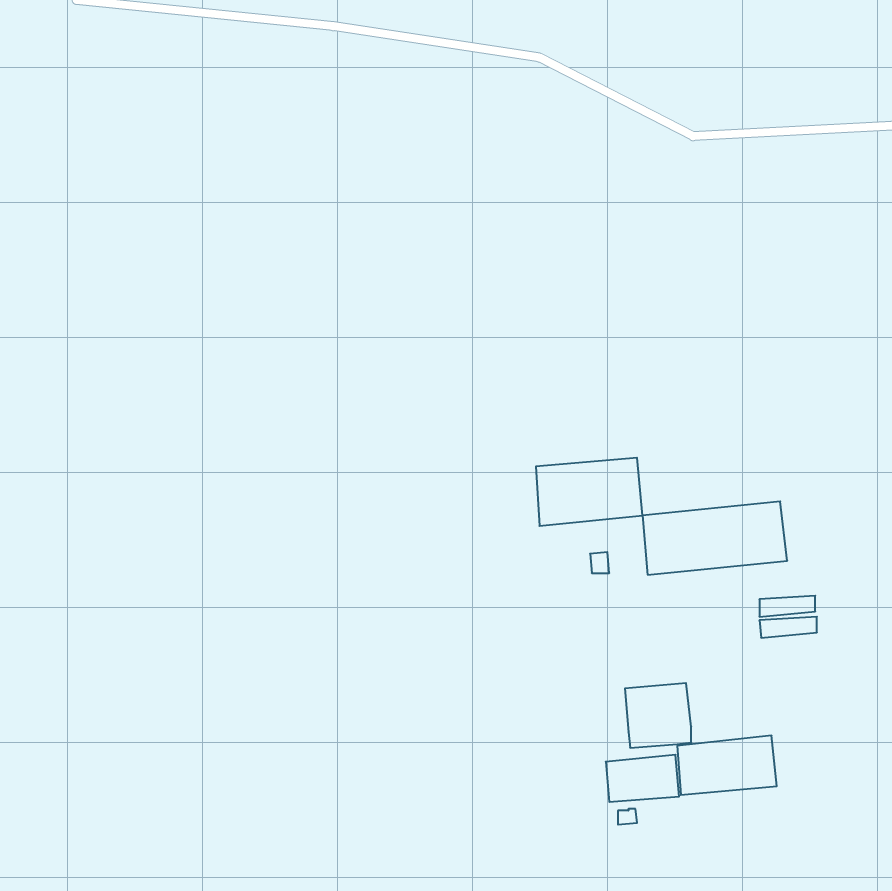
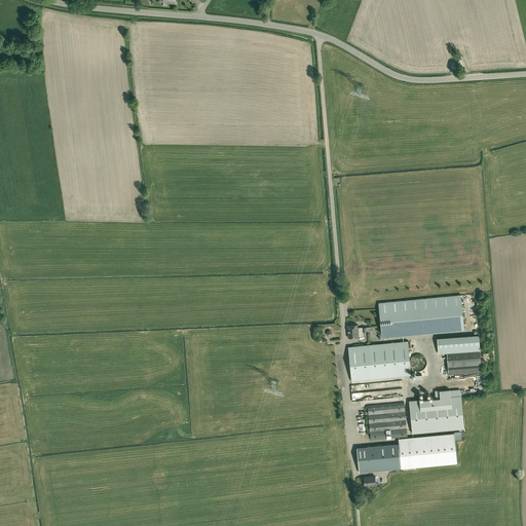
building: [536,458,642,526] -> [348,341,411,381]
building: none -> [437,336,480,354]
building: none -> [409,390,464,435]

